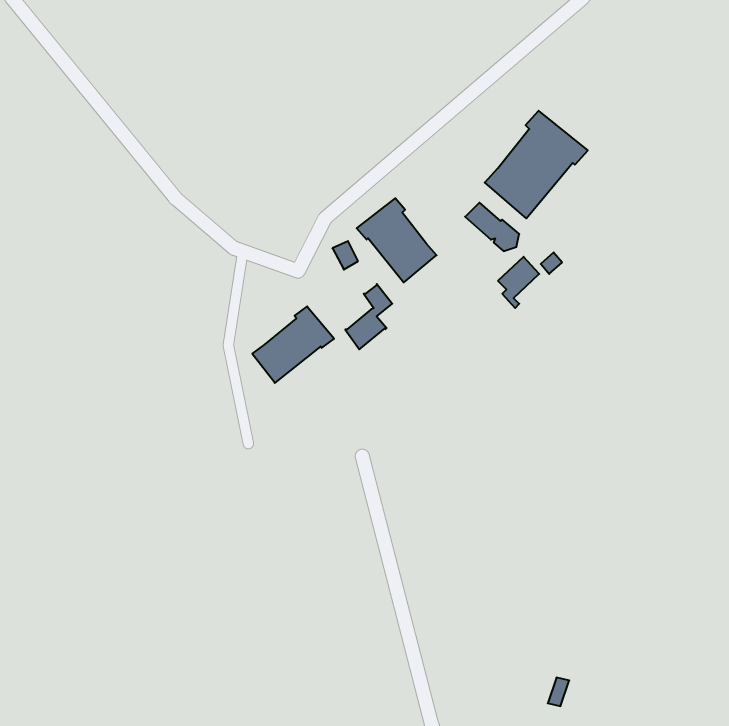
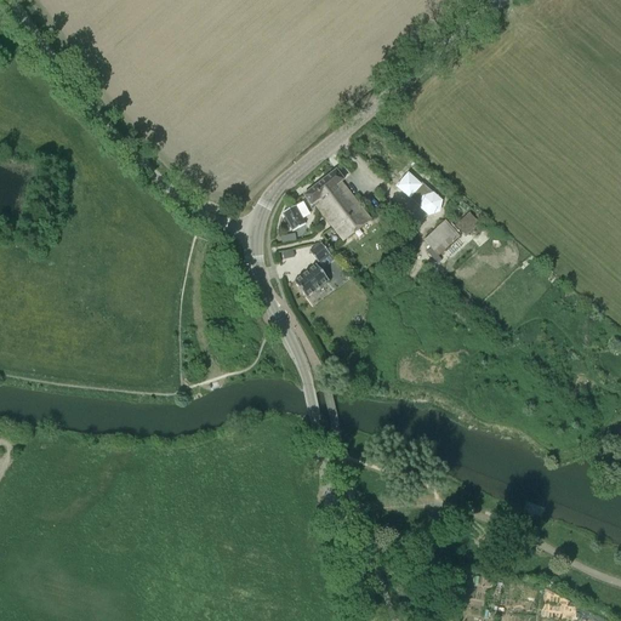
building: [485,111,588,218] -> none
building: [252,306,334,383] -> none

